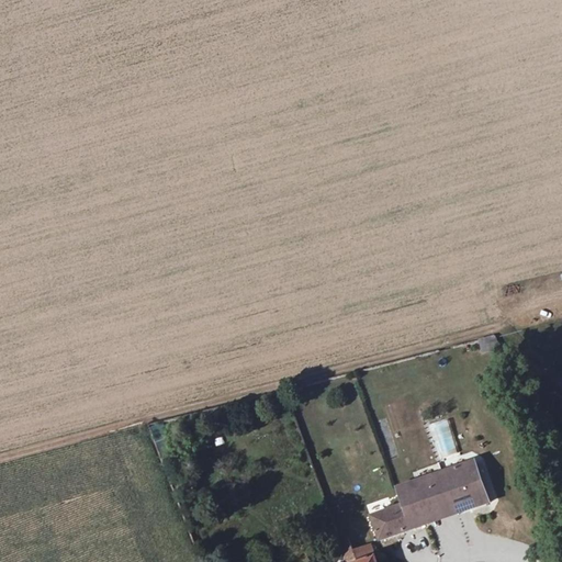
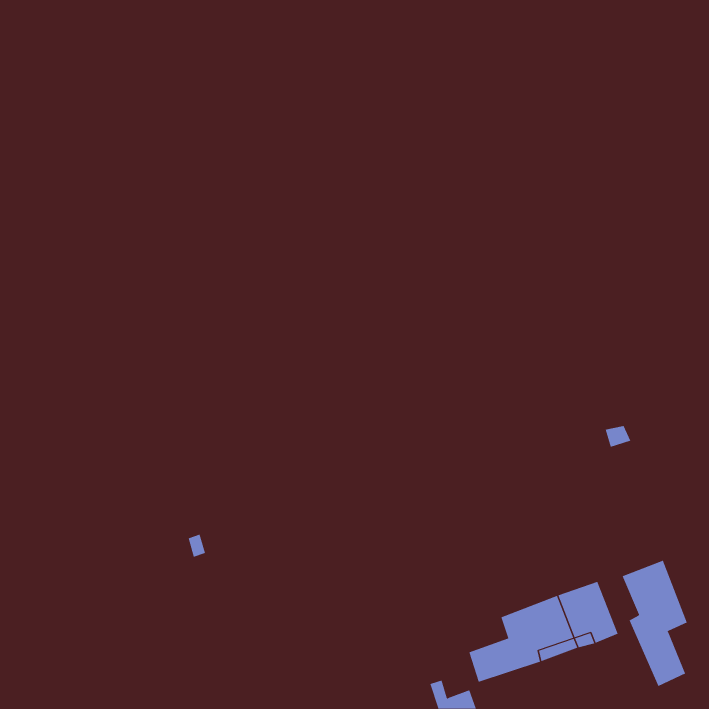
building: none -> [622,560,687,687]

